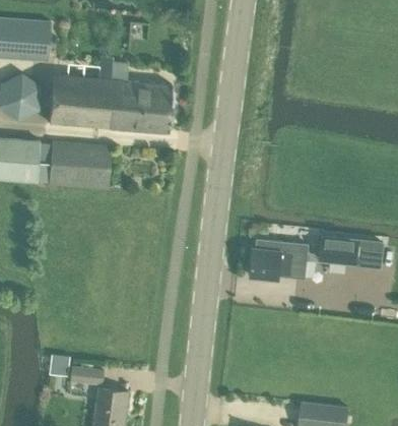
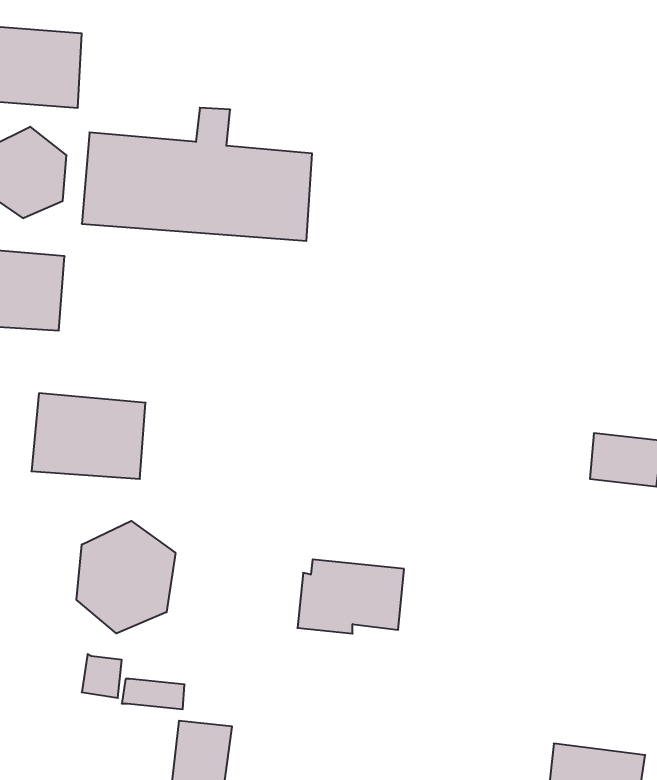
building: [49,142,110,188] -> [31,393,146,479]
building: [251,241,308,281] -> [297,559,404,634]
building: none -> [76,521,175,633]

